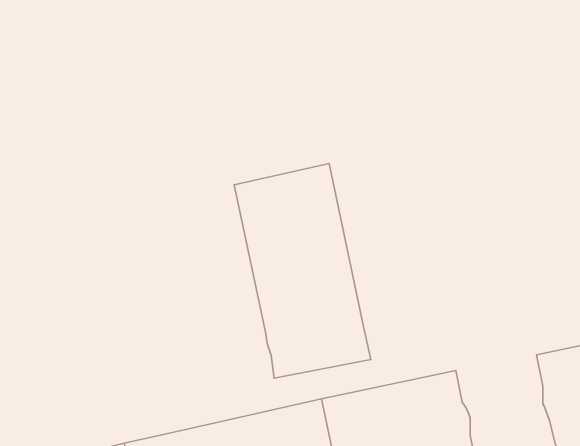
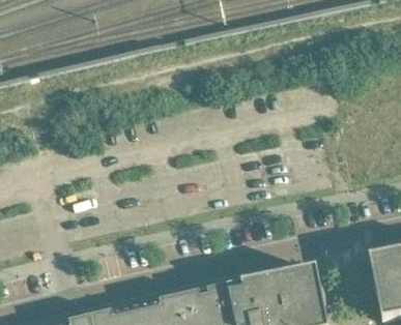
building: [234,164,371,378] -> none

